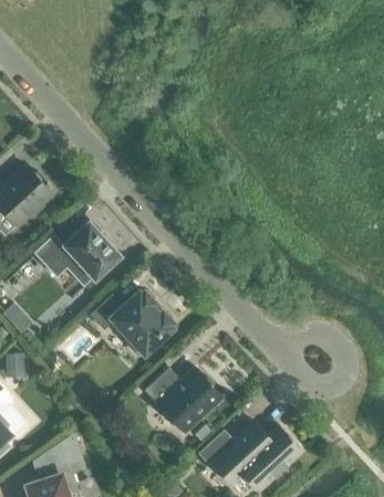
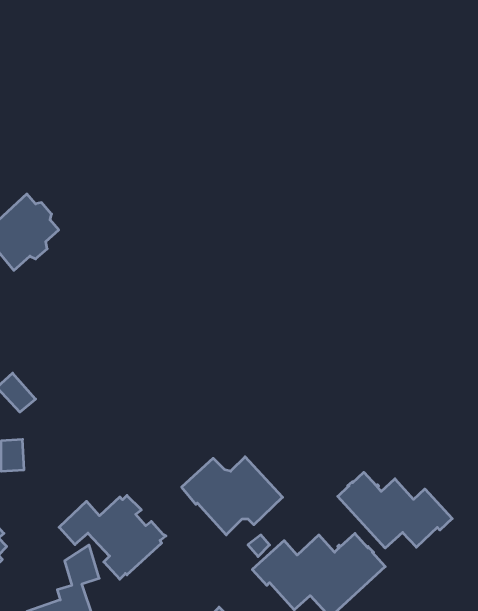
building: [33,220,121,286] -> none
building: [92,290,174,355] -> [59,495,166,579]
building: none -> [338,472,452,548]

